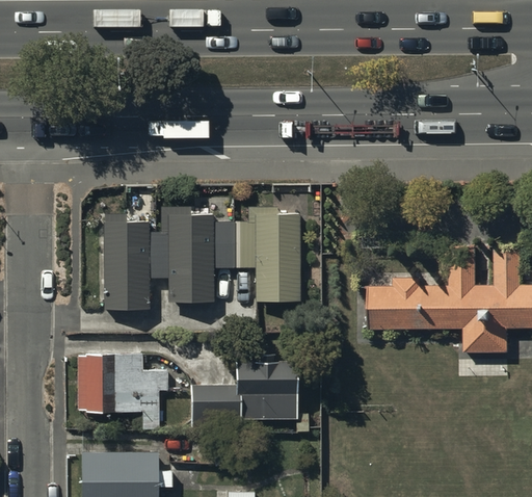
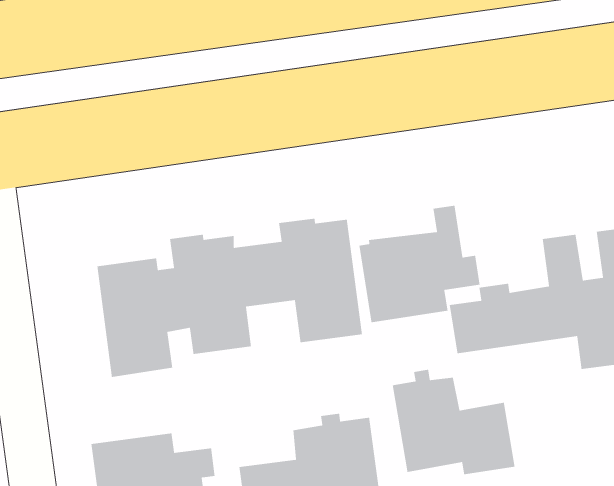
building: none -> [359,205,480,323]
building: none -> [392,369,516,475]

